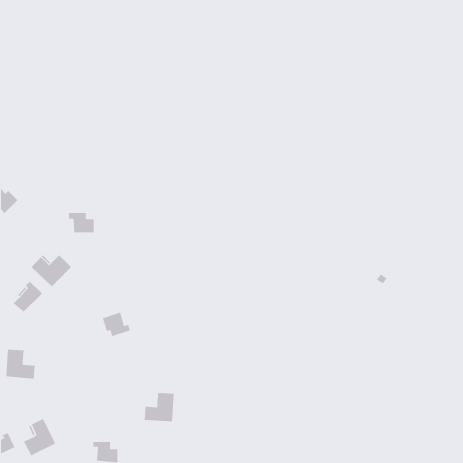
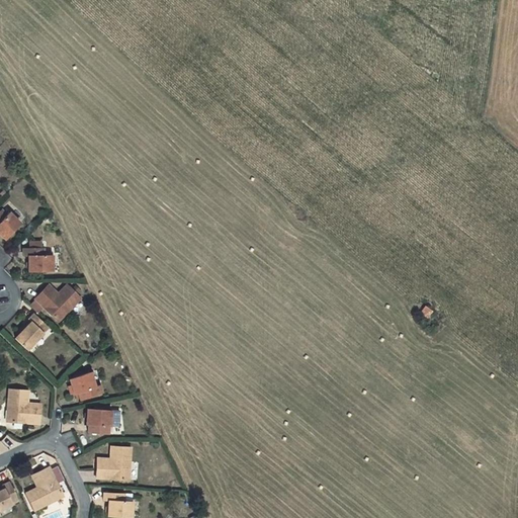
building: [68,212,95,233] -> [23,248,53,271]
building: [102,312,131,337] -> [70,371,102,400]
building: none -> [87,409,111,433]
building: [144,392,175,422] -> [97,446,132,480]

